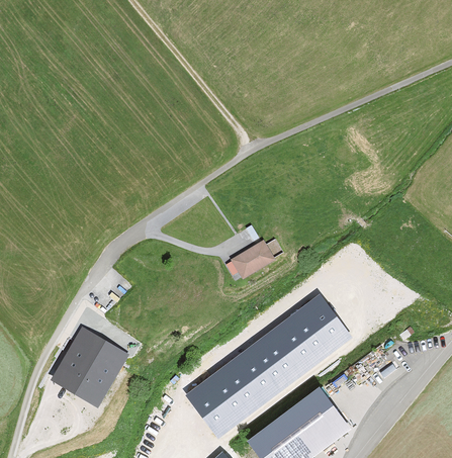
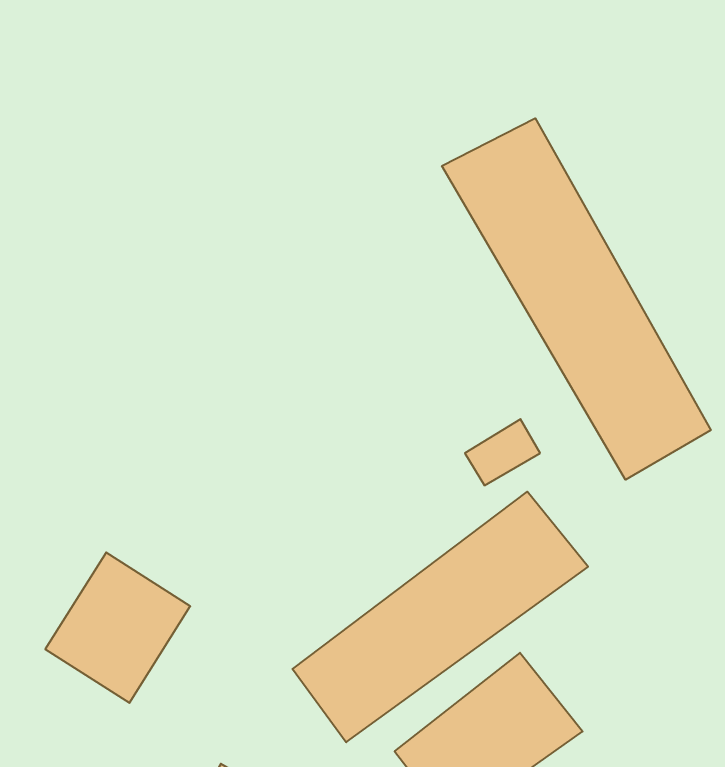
building: none -> [442,118,711,480]
building: [234,242,276,279] -> [465,419,540,485]

